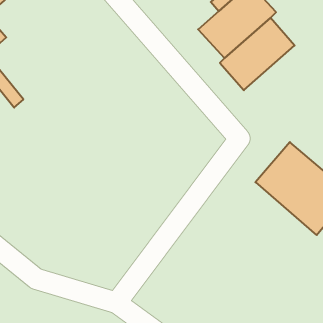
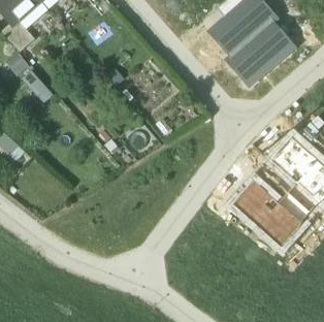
building: none -> [226,168,313,252]

